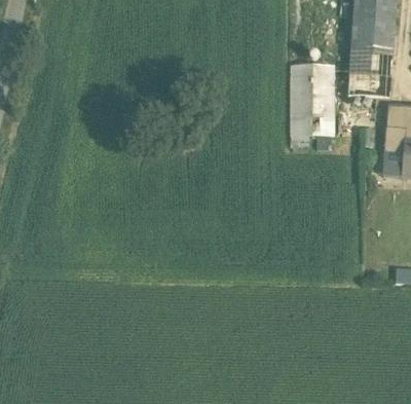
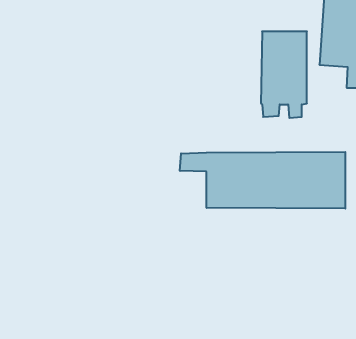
building: none -> [180,152,345,209]

